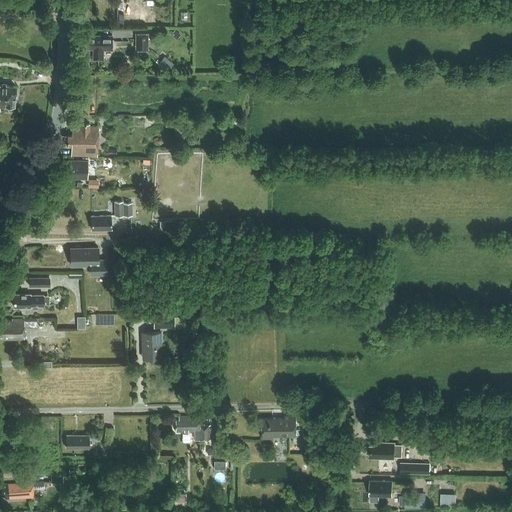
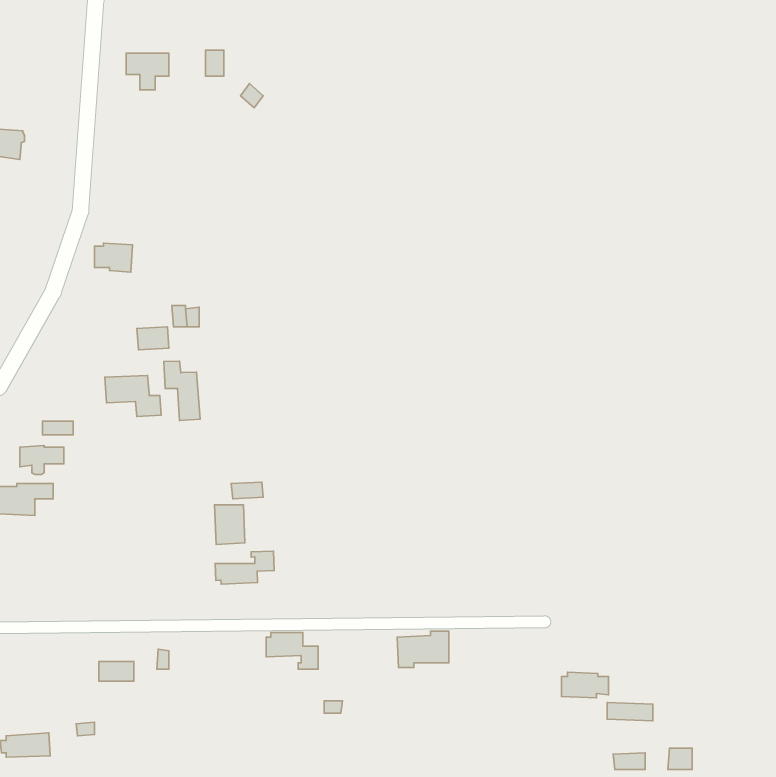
building: [66,123,98,157] -> none
building: none -> [164,361,200,420]
building: none -> [215,551,274,584]
building: [369,481,392,502] -> none

